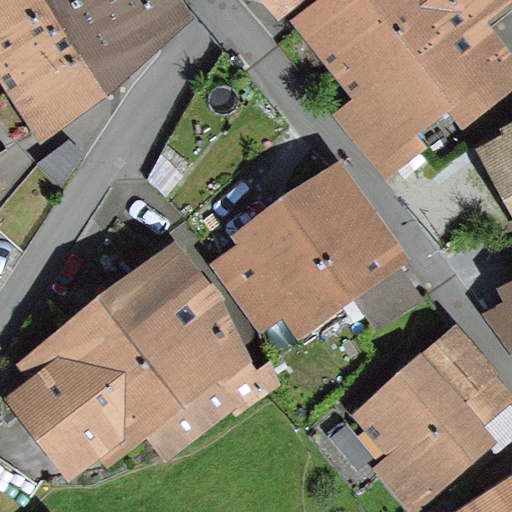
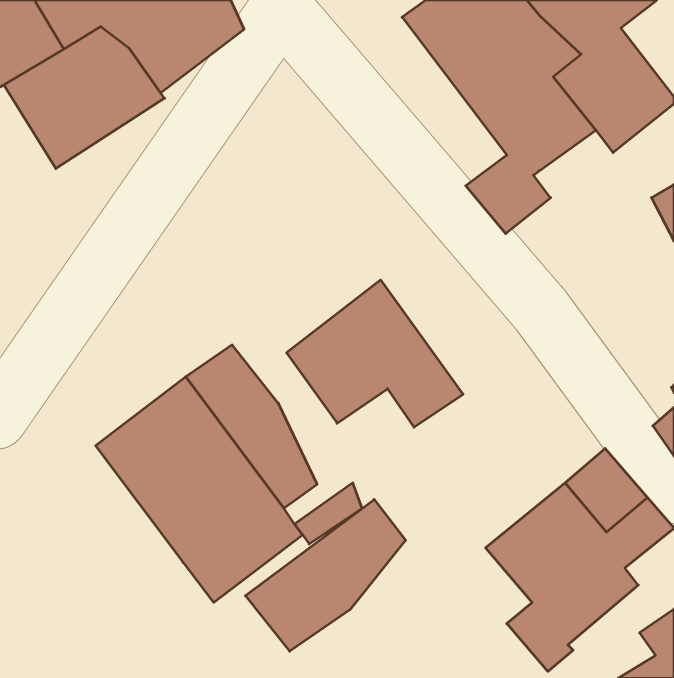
building: [287,169,442,329] -> none
building: [22,336,138,462] -> none
building: none -> [245,499,406,651]

